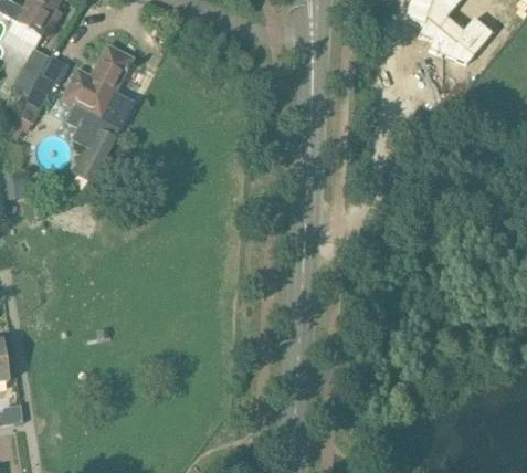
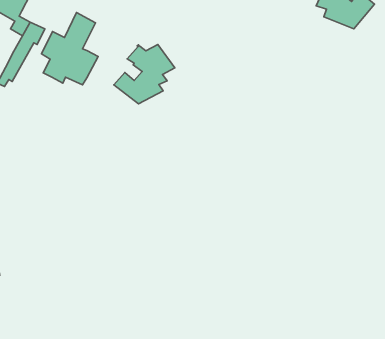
building: none -> [114,44,175,104]
building: [71,126,116,183] -> none

